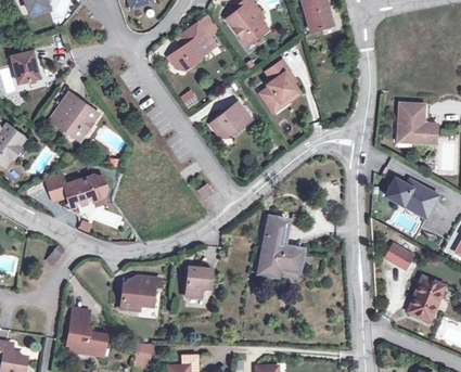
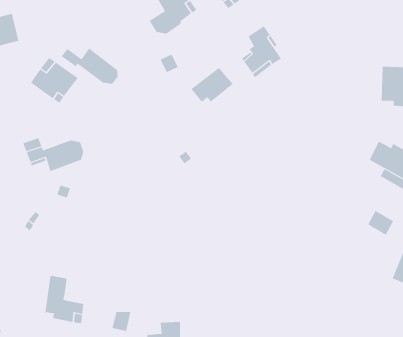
building: none -> [61,47,118,85]
building: [258,217,302,275] -> none
building: [185,267,212,298] -> none
building: [121,277,159,311] -> none

